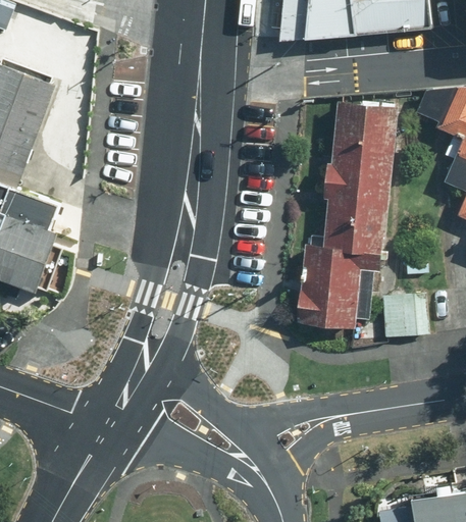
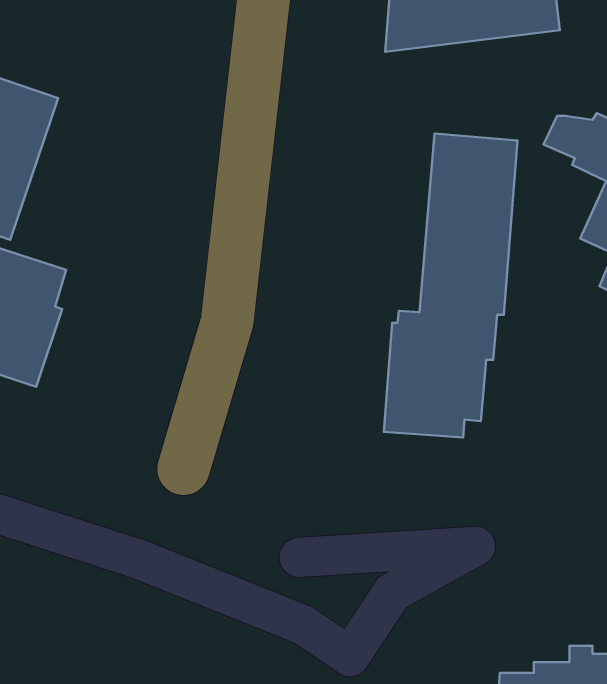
building: [383,296,426,336] -> none

